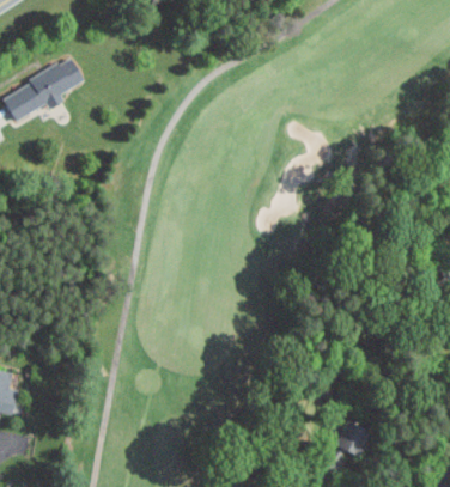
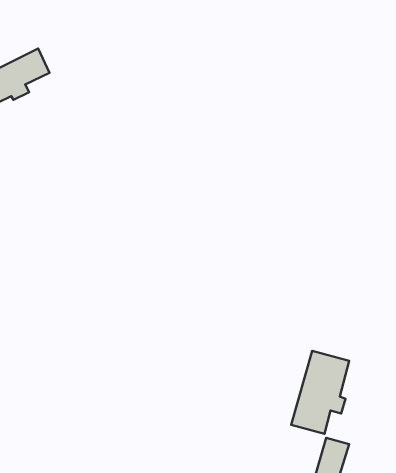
building: none -> [291,351,349,434]

